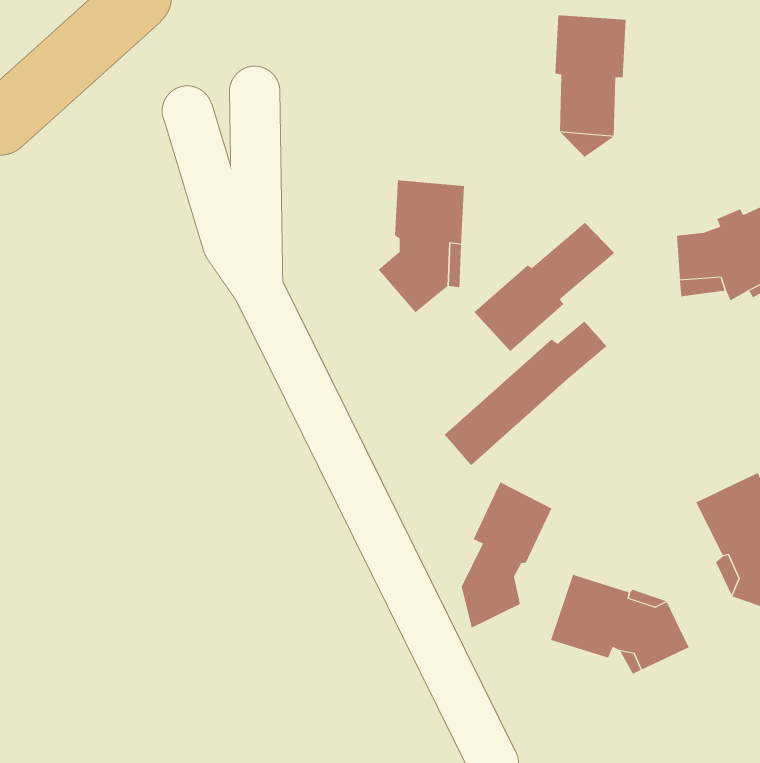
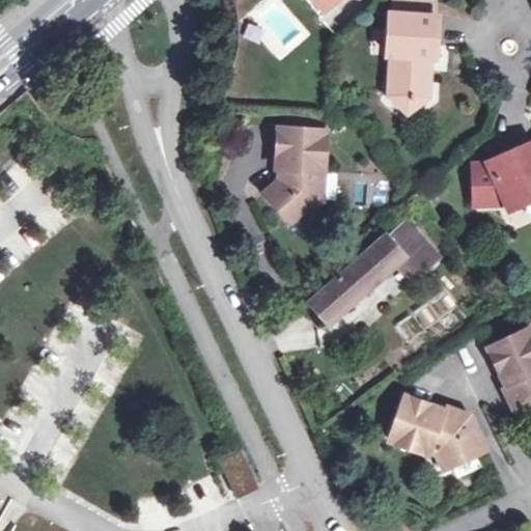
building: [474,222,615,352] -> none
building: none -> [397,240,440,280]
building: [461,481,552,628] -> none

